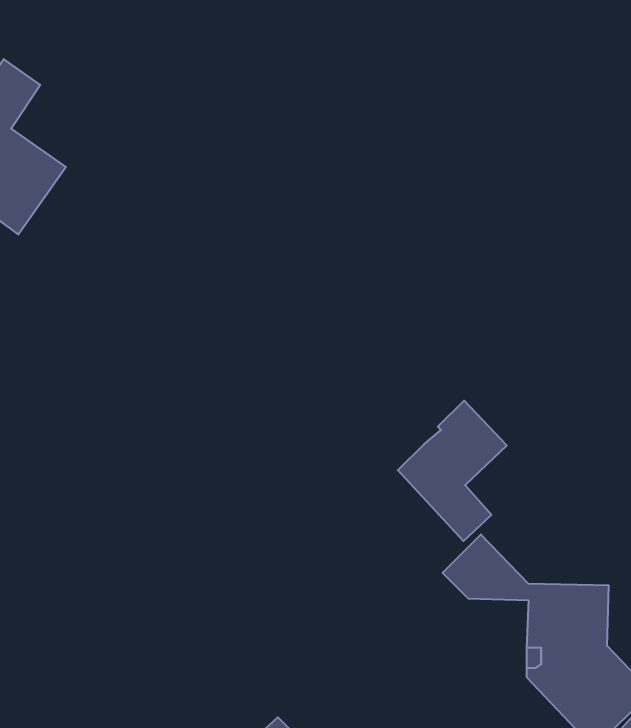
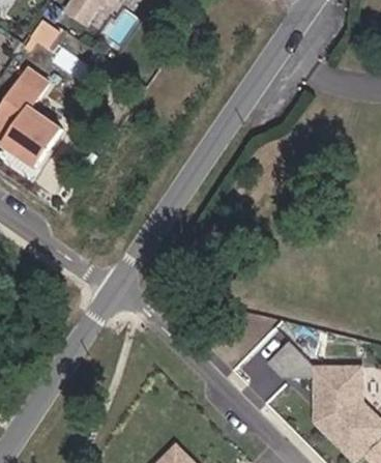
building: [398,401,507,541] -> none

